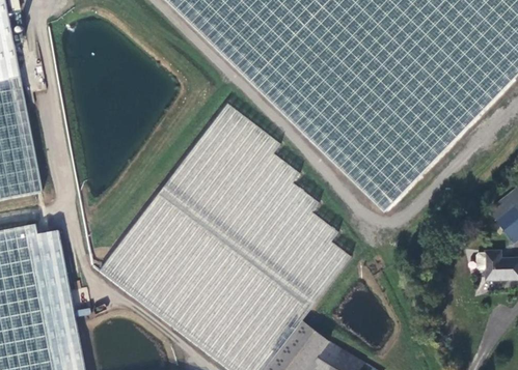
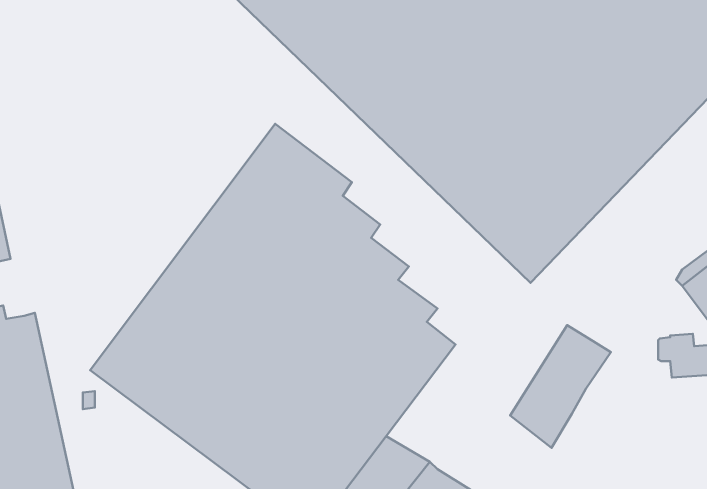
building: none -> [510,325,611,448]

